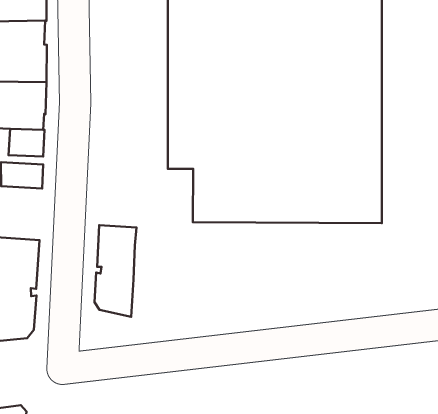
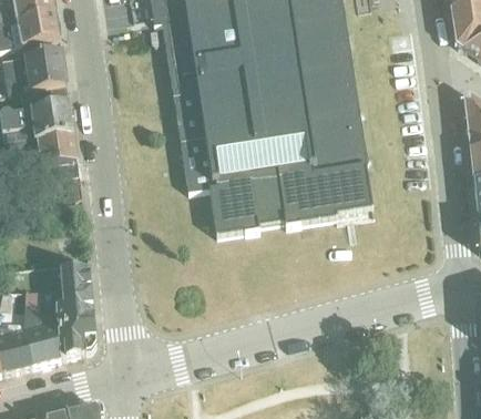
building: [95,225,137,317] -> none

